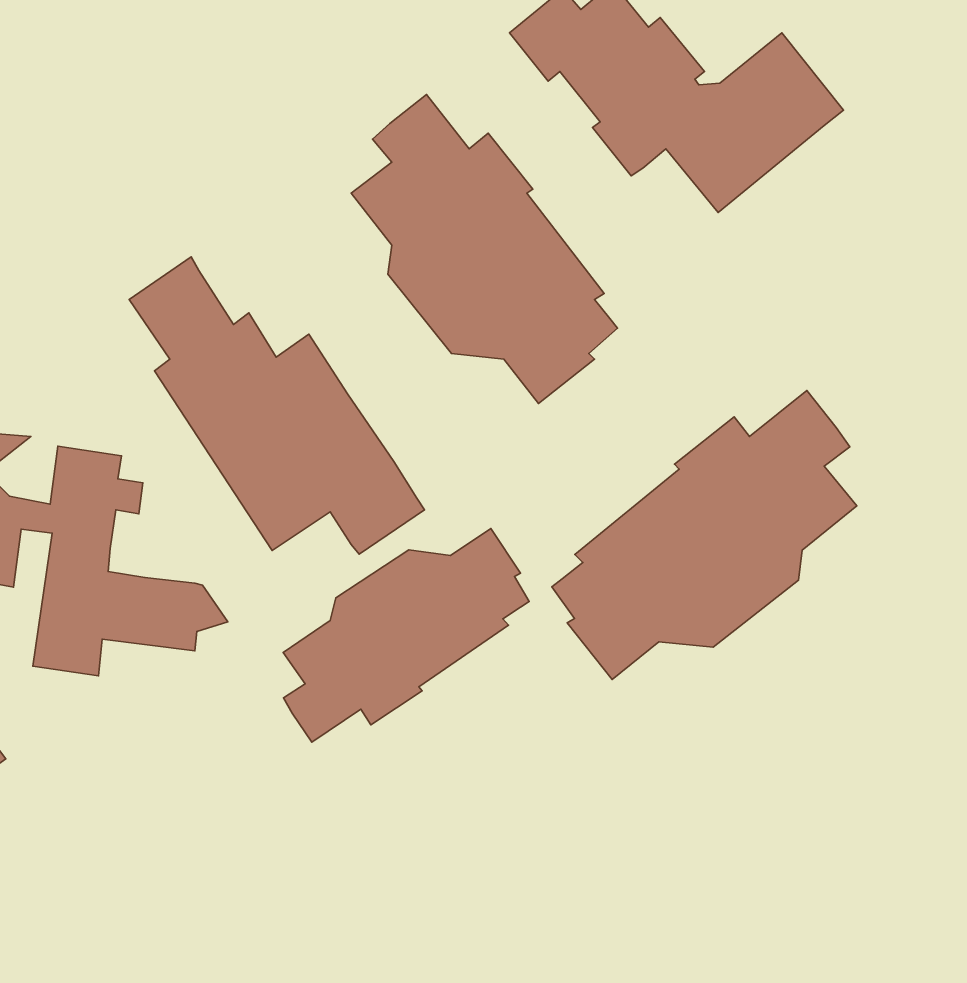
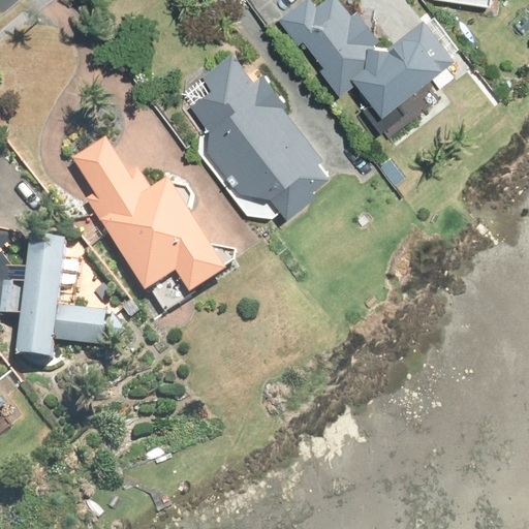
building: [552,391,857,680] -> none
building: [283,528,529,742] -> none

